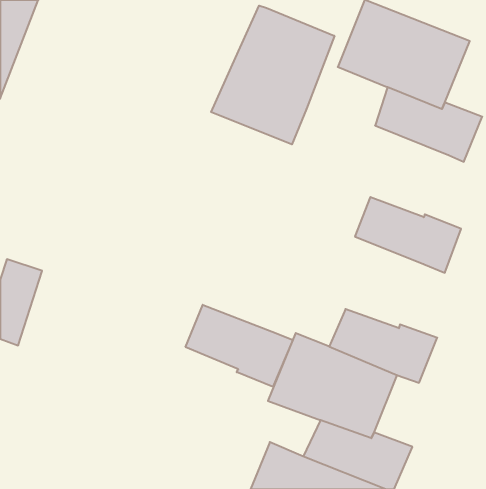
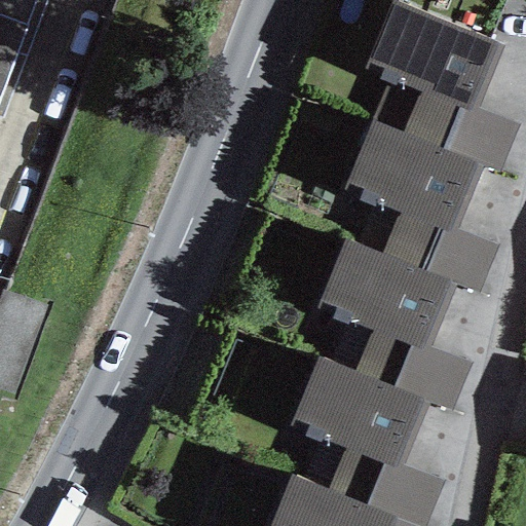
building: [211,6,334,144] -> none
building: none -> [345,121,485,233]
building: none -> [318,238,458,352]
building: [186,305,293,387] -> none

